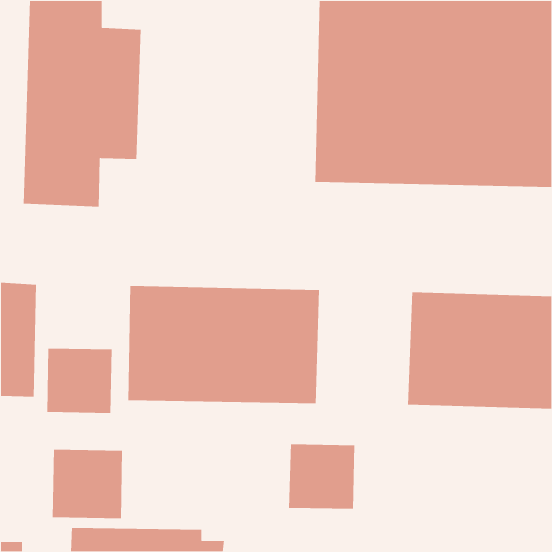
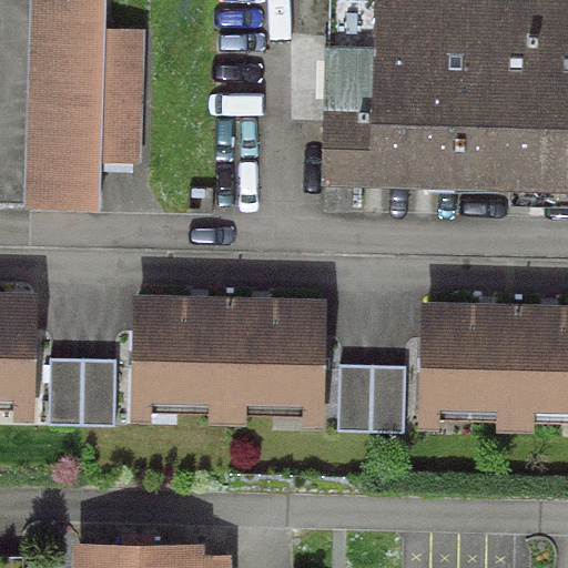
building: [288,444,355,509] -> [337,364,406,432]
building: [52,449,123,519] -> none

